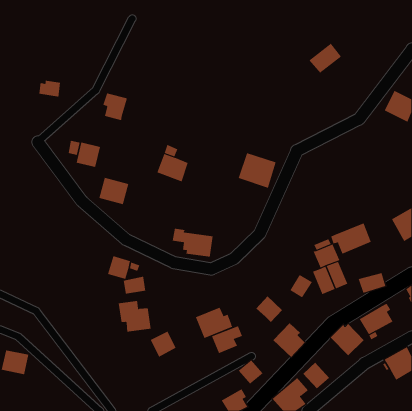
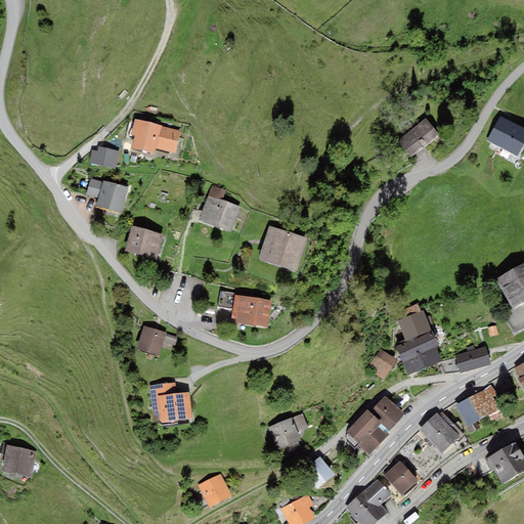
building: [309,43,342,73] -> [397,117,439,156]
building: [38,80,61,97] -> [89,146,118,168]
building: none -> [156,126,180,152]
building: [238,152,276,189] -> [258,224,307,270]
building: [330,223,371,255] -> none
building: [123,276,146,294] -> none
building: [256,296,283,323] -> [369,395,404,430]
building: [195,307,233,339] -> none
building: [150,331,177,358] -> [198,473,231,507]

